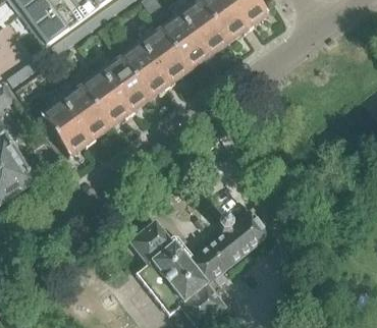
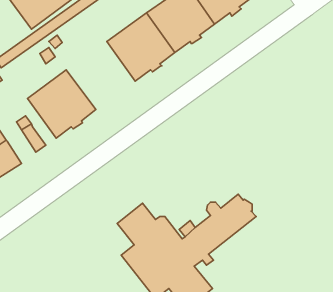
building: [77,58,147,126] -> none

